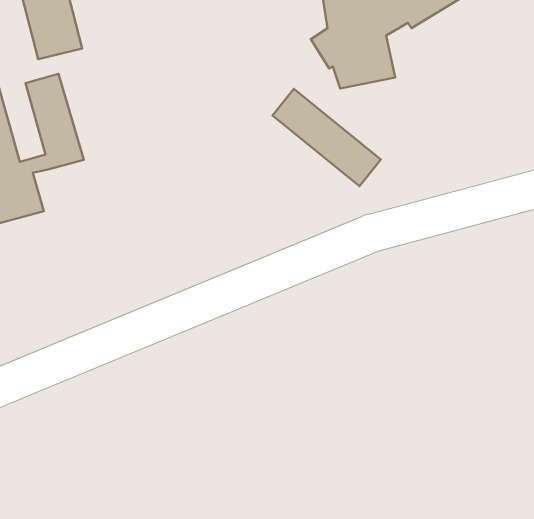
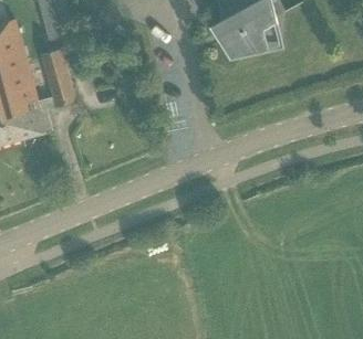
building: [273,89,381,186] -> none

